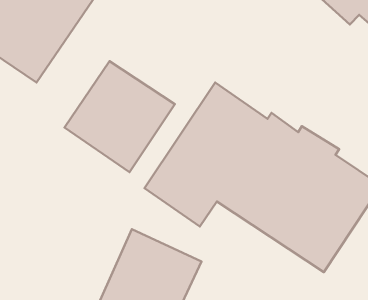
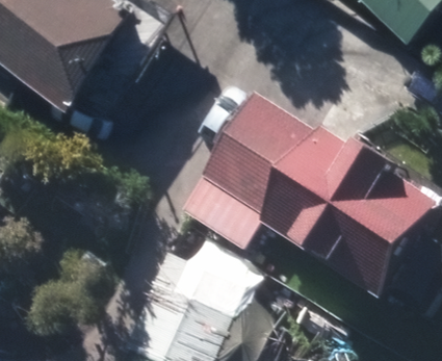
building: [64,61,175,172] -> none

